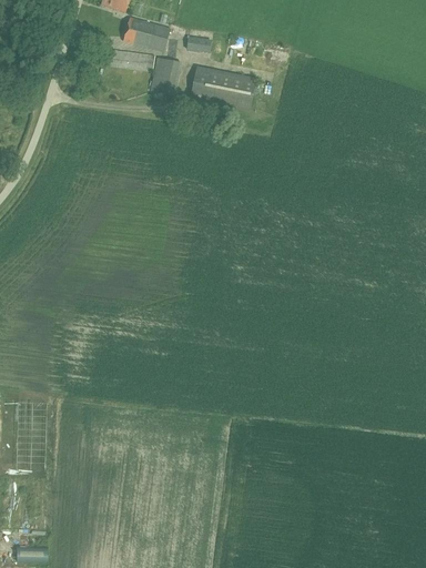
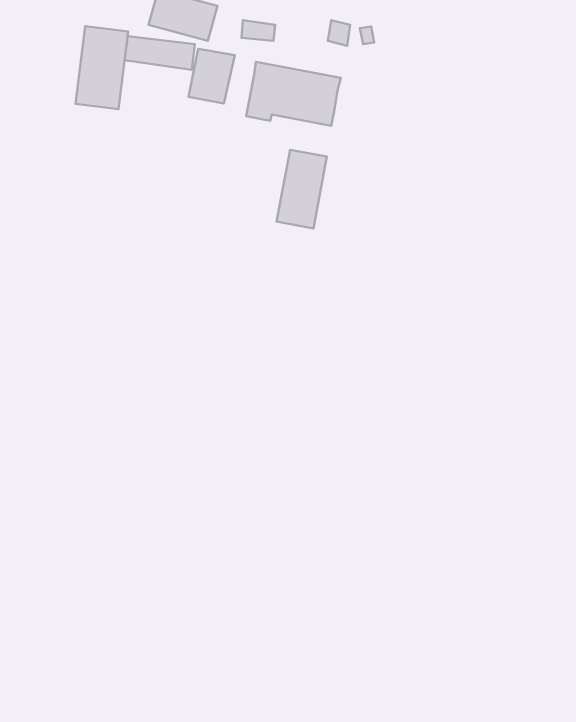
building: none -> [75,26,128,109]
building: none -> [277,150,327,228]

